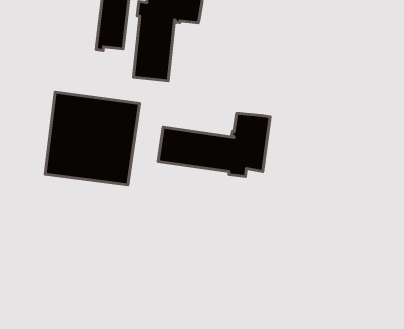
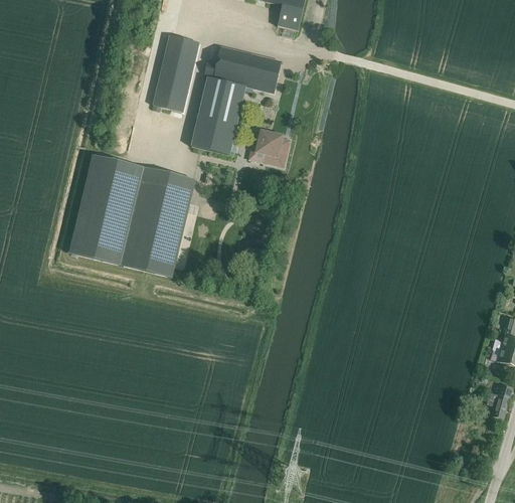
building: none -> [248,132,287,166]
building: [158,113,270,176] -> none

